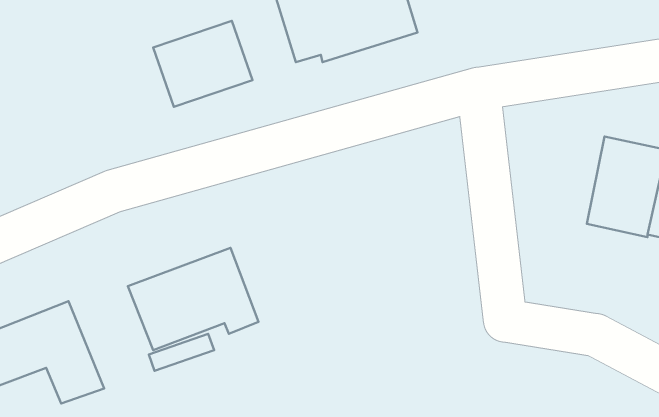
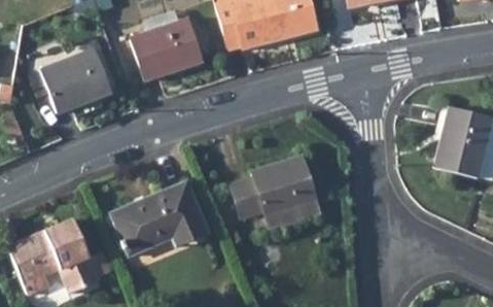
building: none -> [36,53,105,116]
building: none -> [235,157,318,219]

